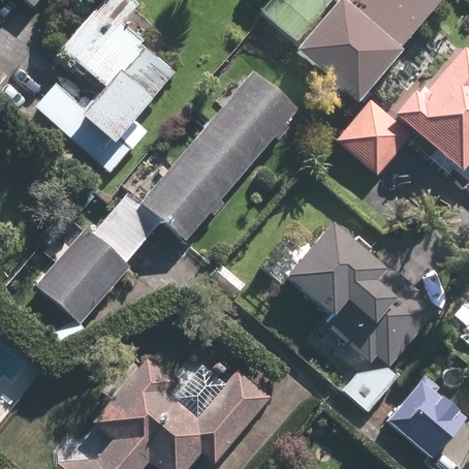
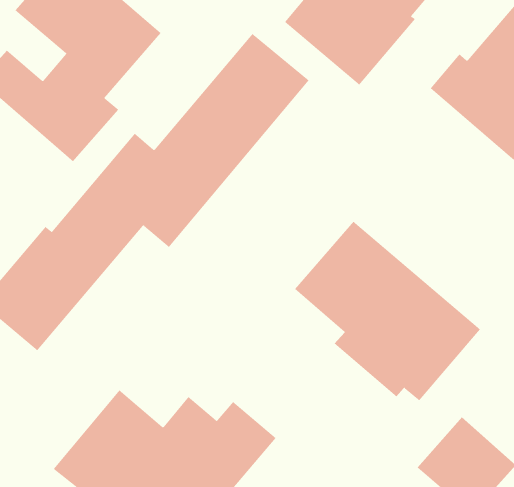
building: [334,99,411,177] -> none
building: [345,357,399,414] -> none

